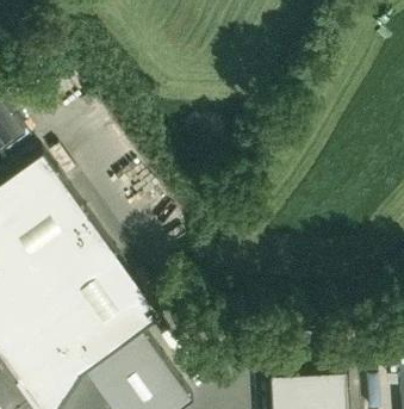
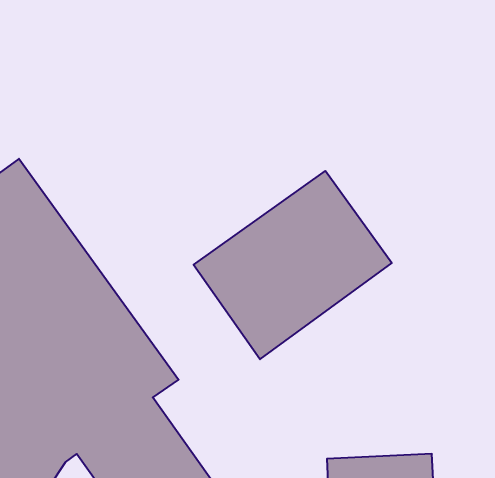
building: none -> [194,171,392,359]

